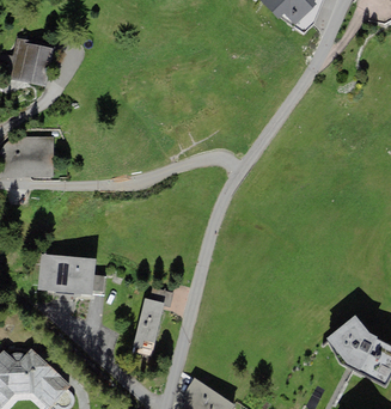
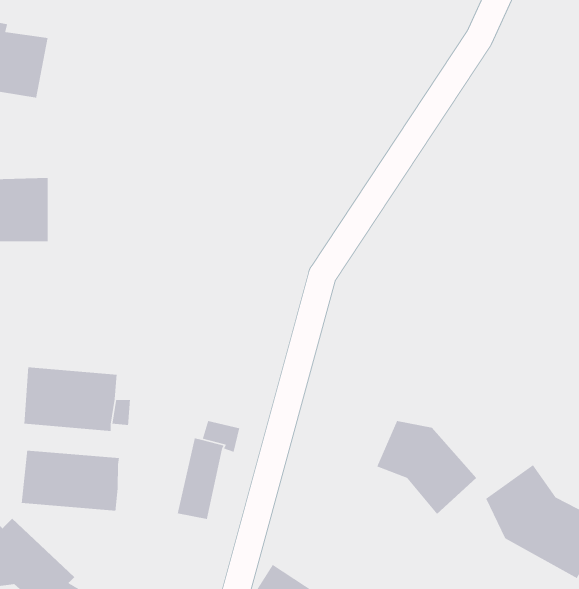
building: none -> [376,420,477,515]
building: none -> [21,450,120,512]

